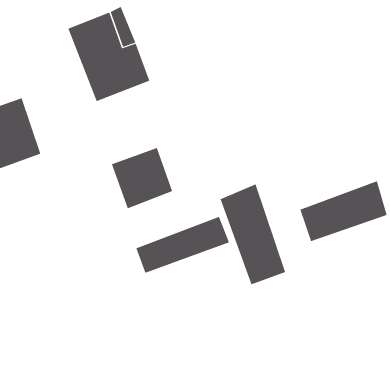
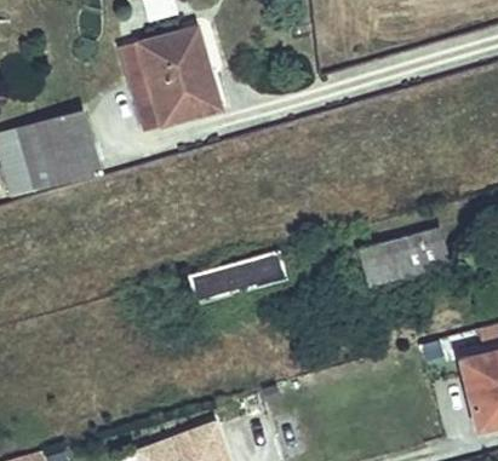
building: [111,147,173,209] -> none
building: [220,183,286,285] -> none

